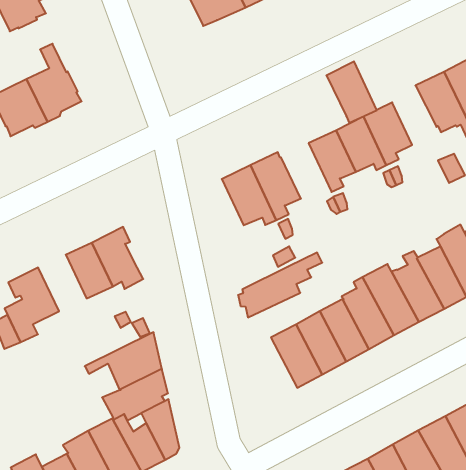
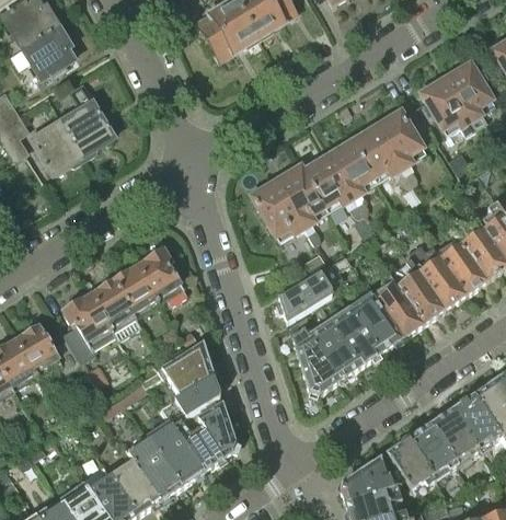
building: [326,61,377,123] -> [303,154,353,211]
building: none -> [90,278,141,337]
building: none -> [289,319,338,393]

